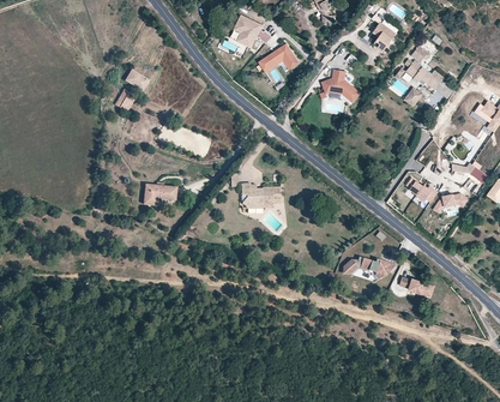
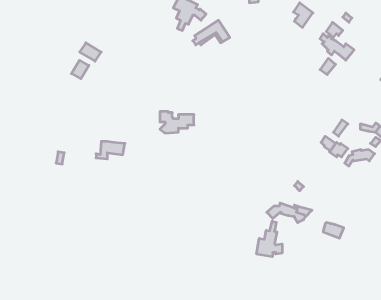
building: [319,70,360,102] -> none
building: [241,182,281,208] -> [160,112,194,133]
building: none -> [257,221,282,257]

